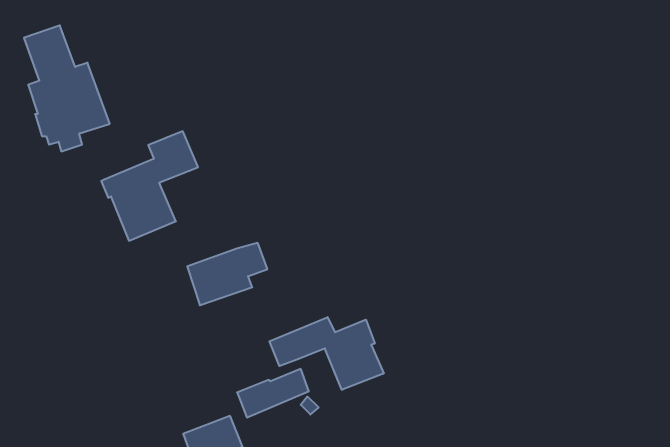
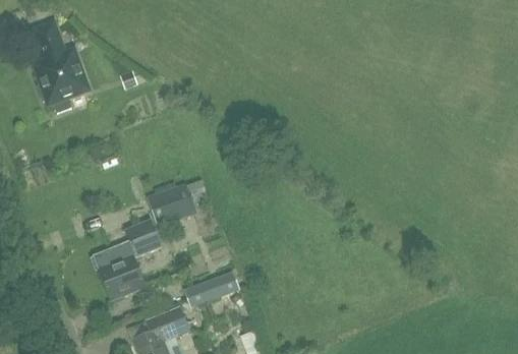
building: [101,131,198,241] -> [92,219,163,299]
building: [269,317,384,390] -> none

